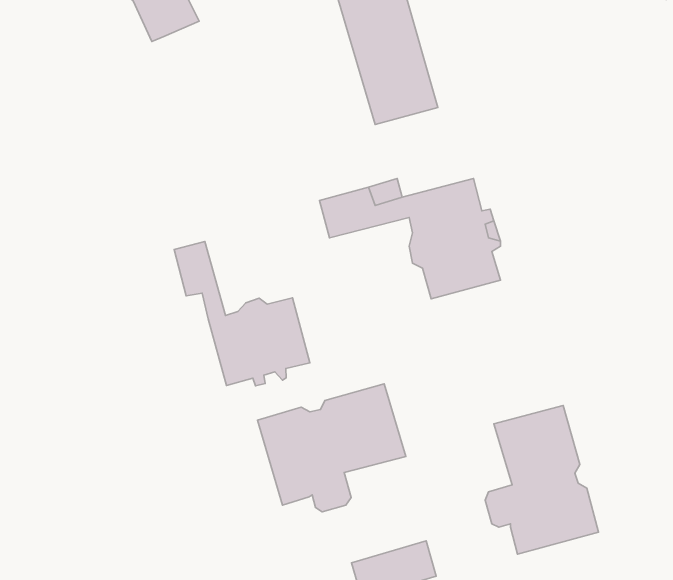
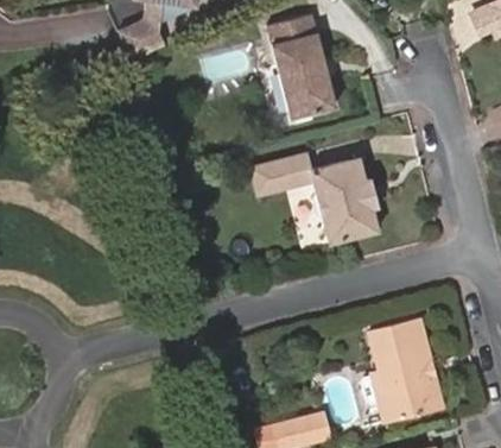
building: [174,241,310,386] -> none
building: [257,384,406,512] -> none

